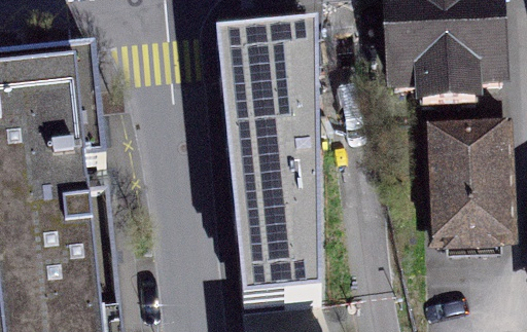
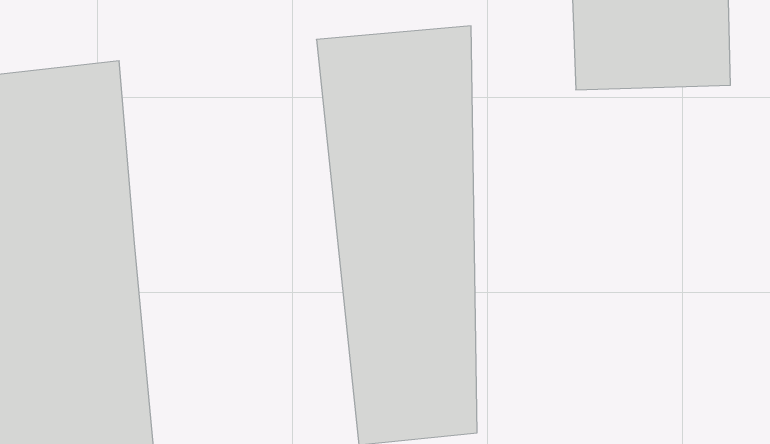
building: [423,112,510,248] -> none

